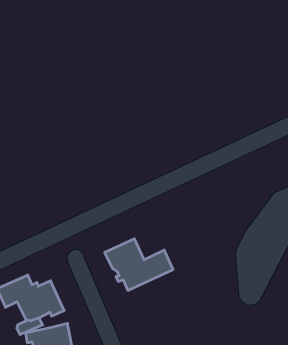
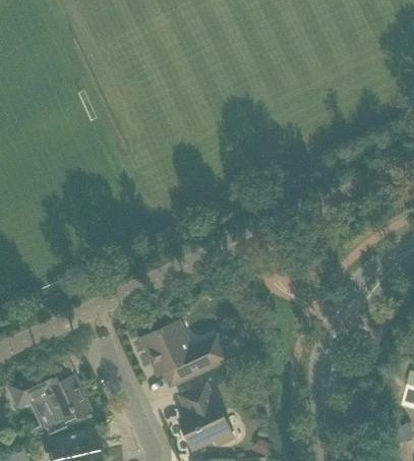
building: none -> [179,385,231,450]

